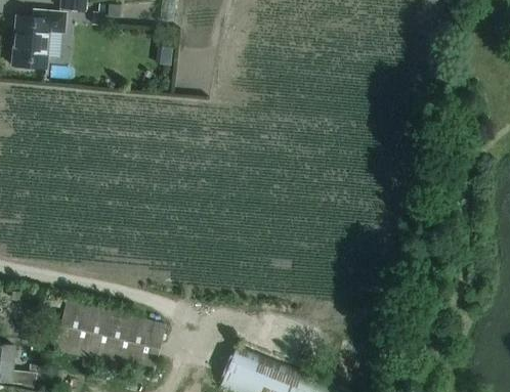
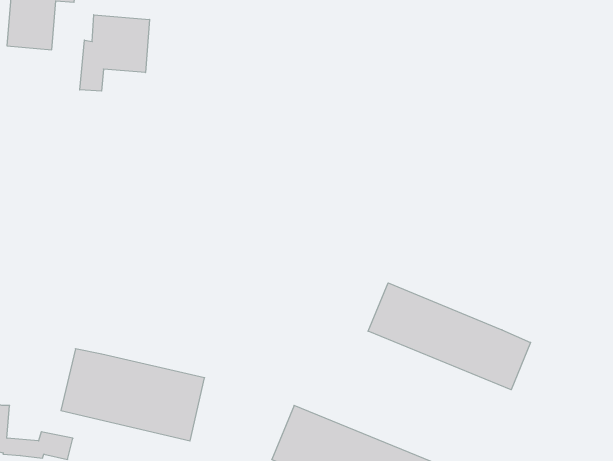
building: none -> [80,15,150,91]
building: none -> [368,283,531,390]

